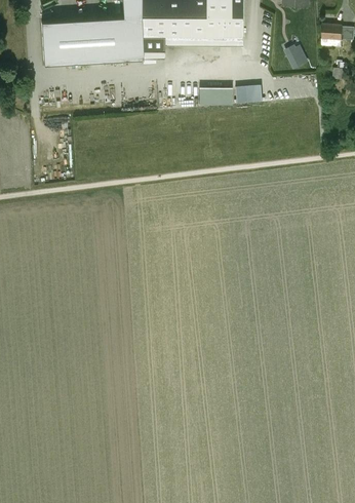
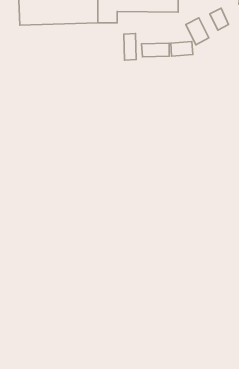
building: none -> [186,18,209,45]
building: none -> [124,33,136,60]

